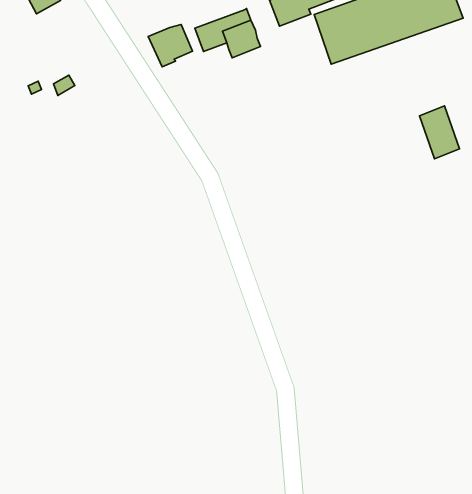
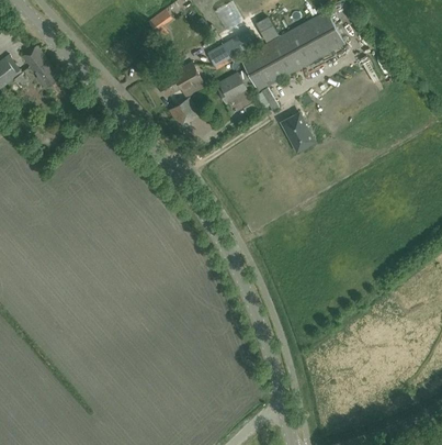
building: [148,25,193,67] -> [167,98,200,130]
building: none -> [217,71,248,104]
building: [420,106,459,159] -> [282,113,314,152]

